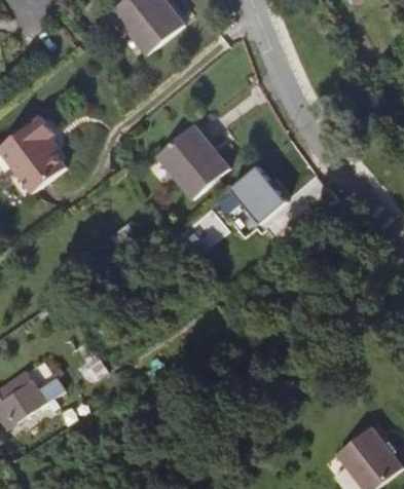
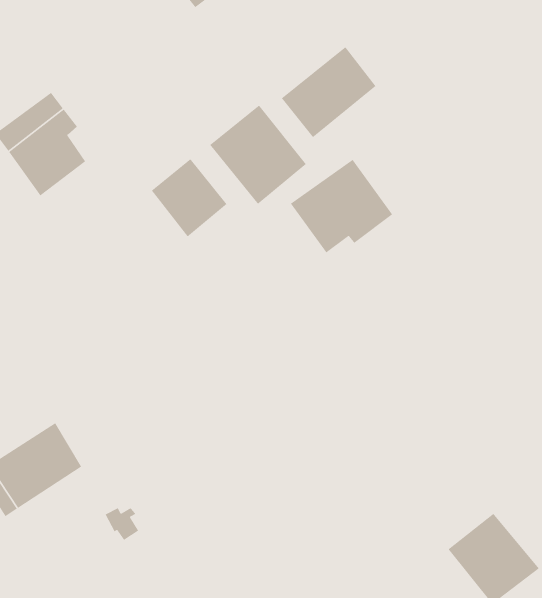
building: none -> [281,46,377,138]
building: none -> [151,158,227,238]

